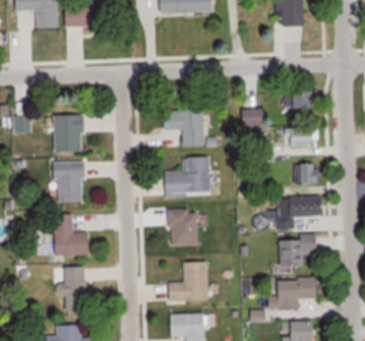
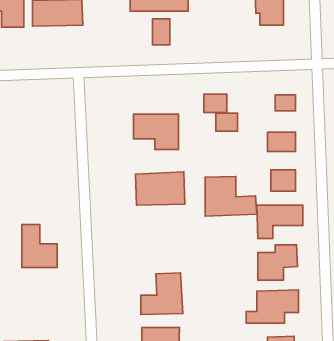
building: none -> [152,19,170,45]
building: none -> [204,94,227,112]
building: [52,114,84,153] -> none
building: [52,160,85,204] -> none
building: none -> [205,176,257,216]
building: [168,209,198,245] -> none
building: [64,267,87,309] -> none

